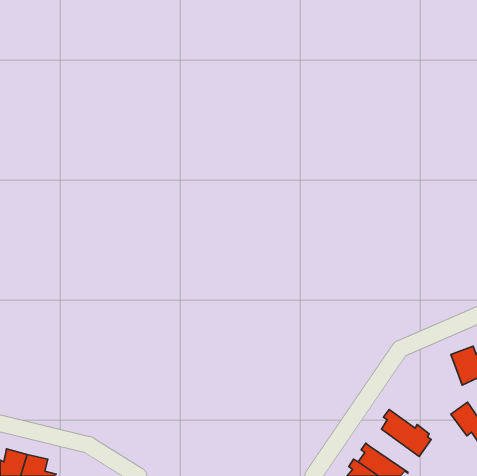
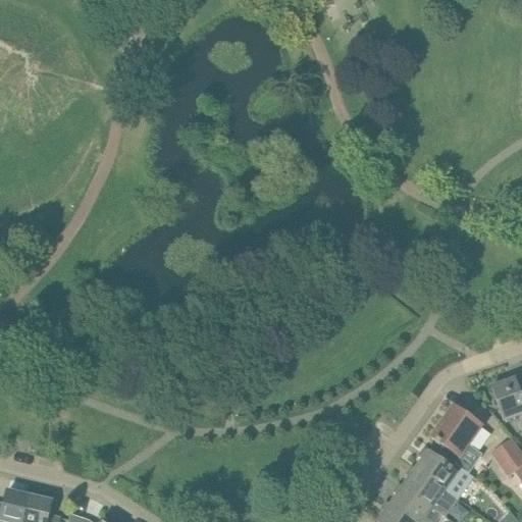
building: none -> [432,405,482,473]
building: none -> [404,465,458,515]

